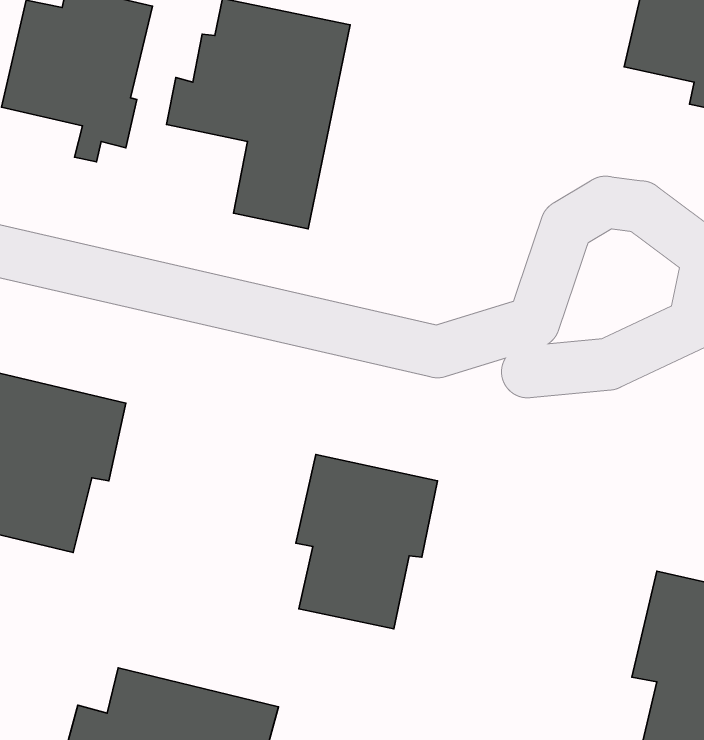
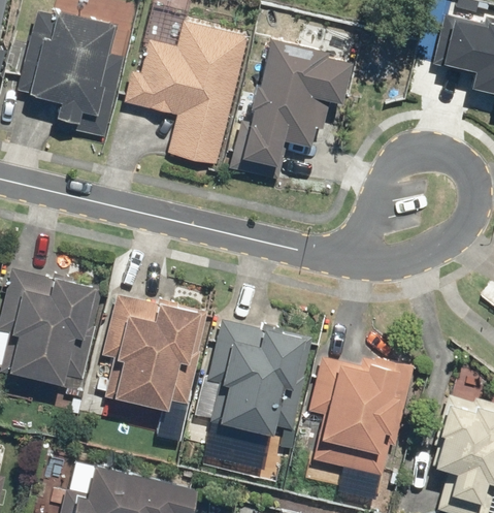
building: none -> [232,38,355,184]
building: none -> [99,293,204,413]
building: none -> [311,357,422,479]

